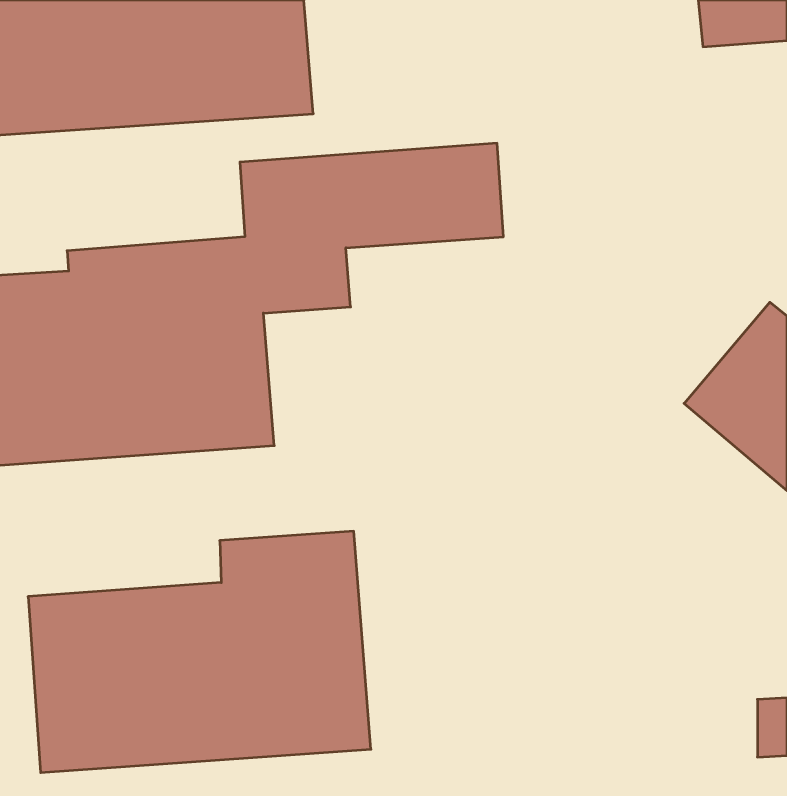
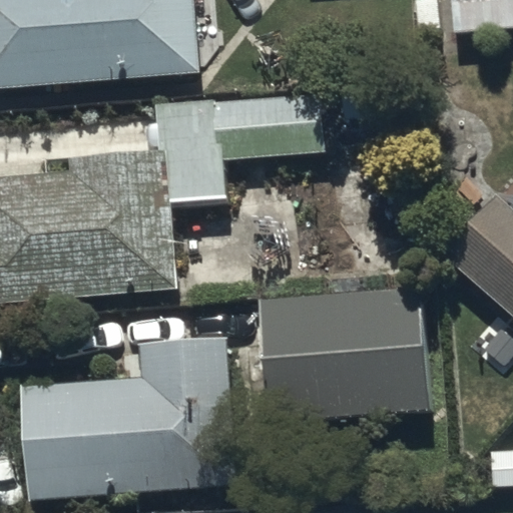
building: none -> [262,288,429,422]

